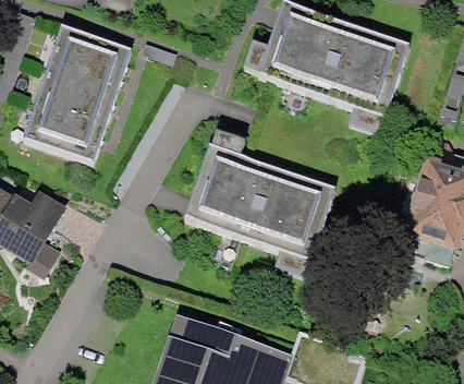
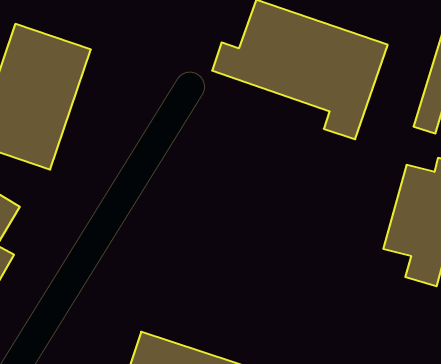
building: [185,134,332,261] -> none

